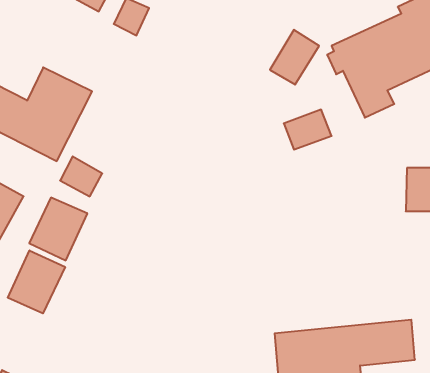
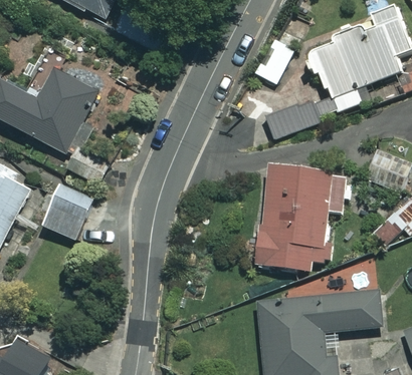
building: none -> [256,165,346,271]
building: [8,250,65,313] -> none

